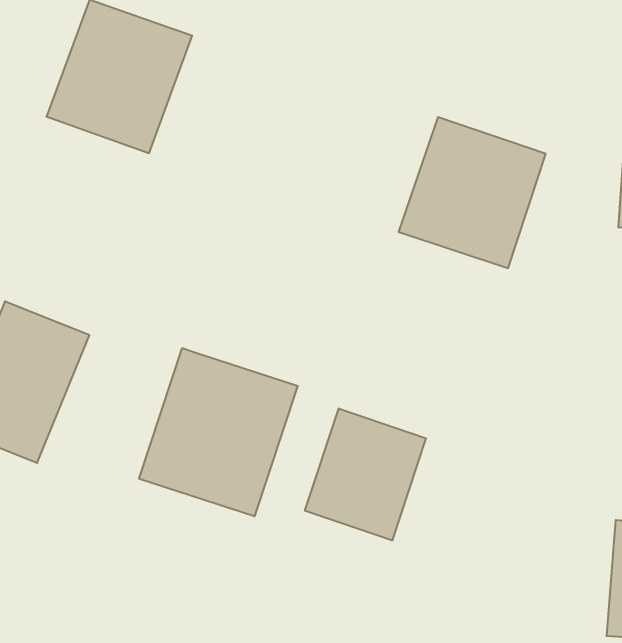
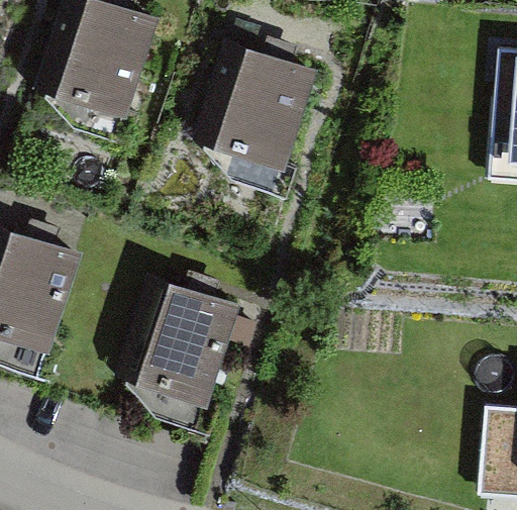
building: [399,117,546,268] -> [207,53,321,170]
building: [305,408,426,541] -> none

